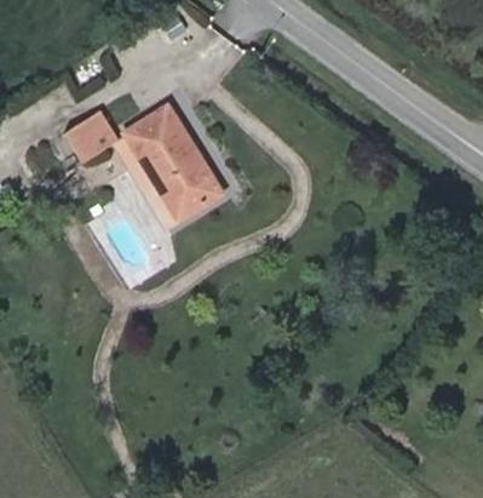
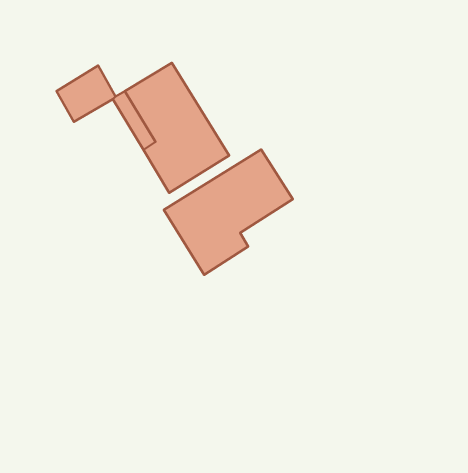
building: none -> [164,149,293,275]

